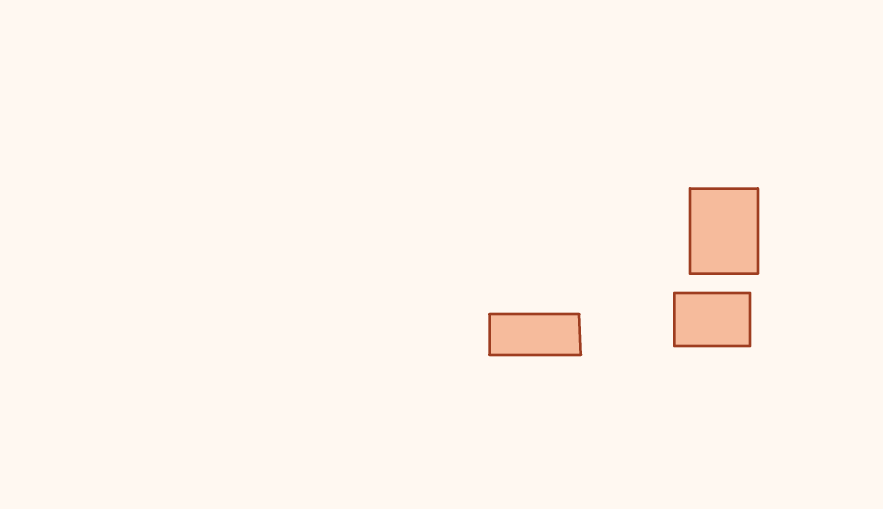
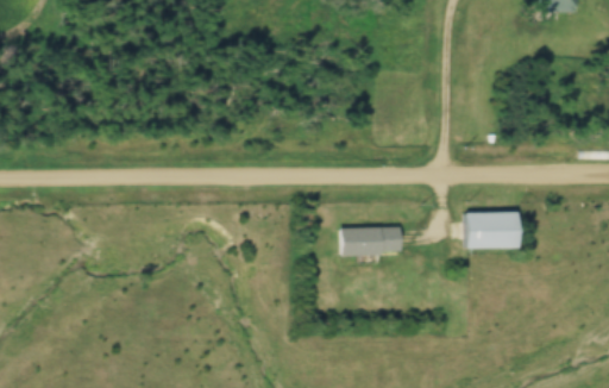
building: [690,188,758,274] -> none

